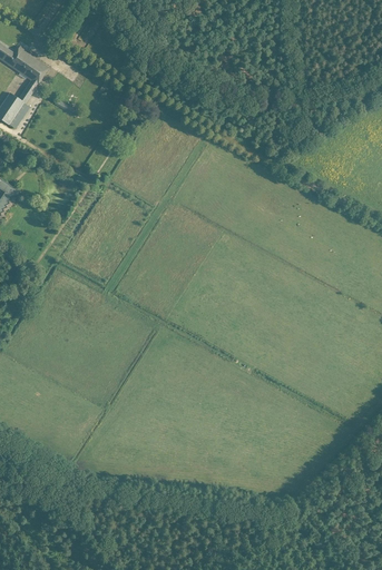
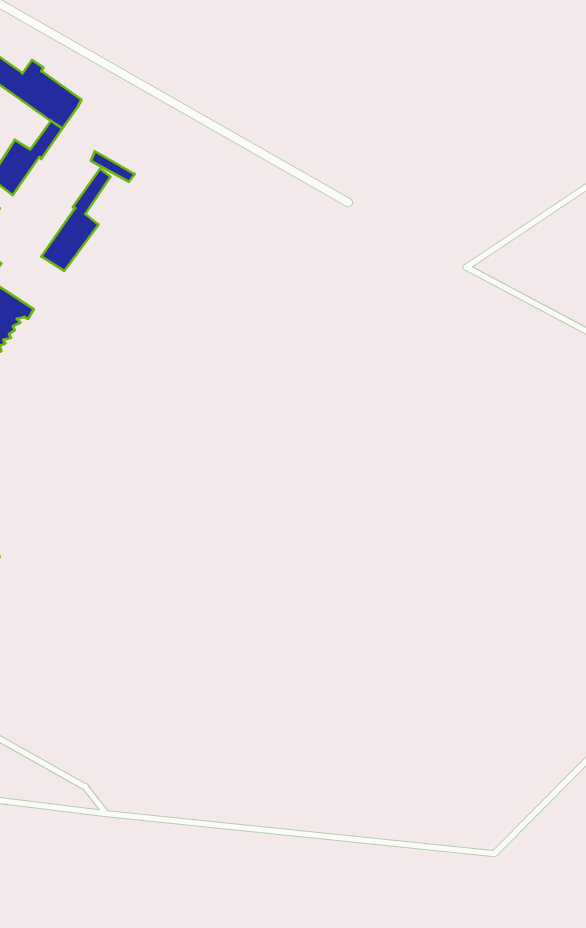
building: none -> [41,169,110,271]

